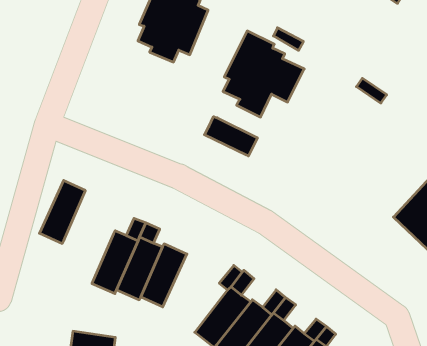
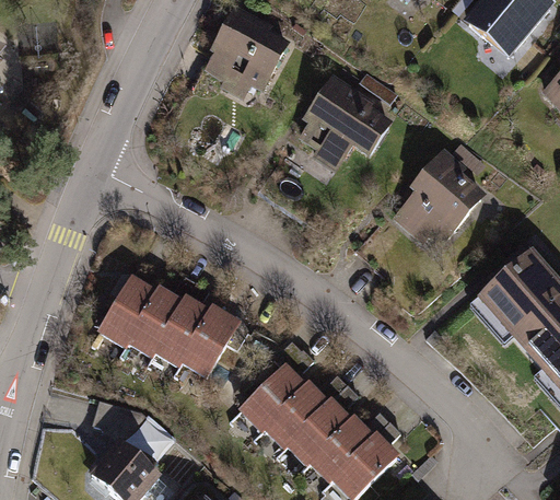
building: none -> [392,148,486,246]
building: [204,117,257,156] -> none
building: [39,180,85,243] -> [97,275,155,347]

